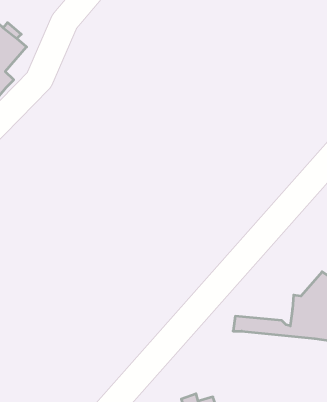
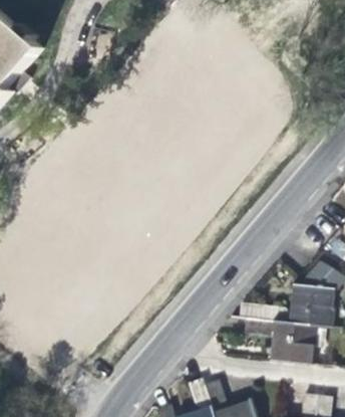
building: none -> [244,319,315,364]

